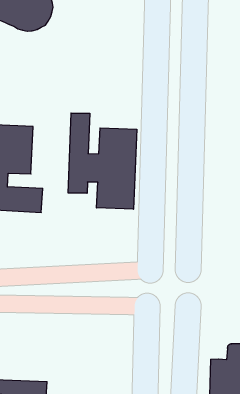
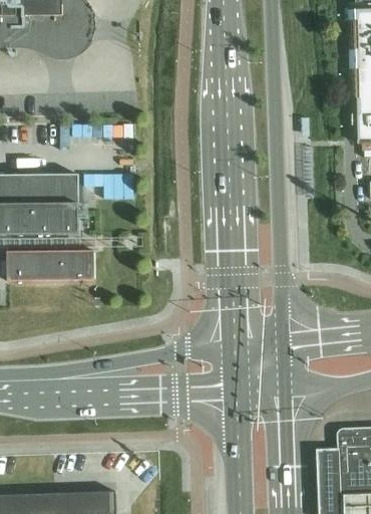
building: [68,113,137,209] -> none

